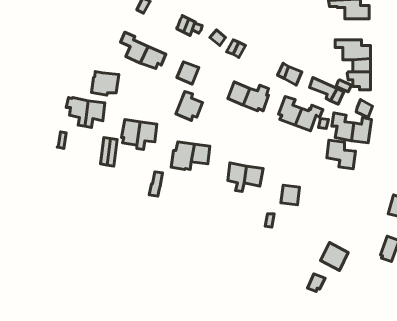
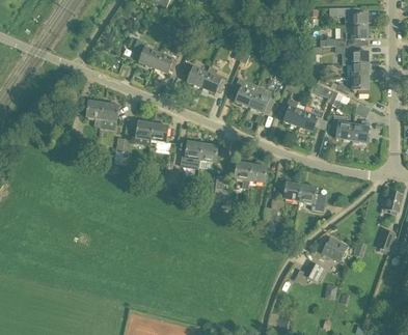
building: none -> [344,25,368,45]
building: [92,72,119,95] -> none
building: [176,92,202,120] -> [200,65,225,92]
building: [327,140,355,169] -> [299,183,326,210]

